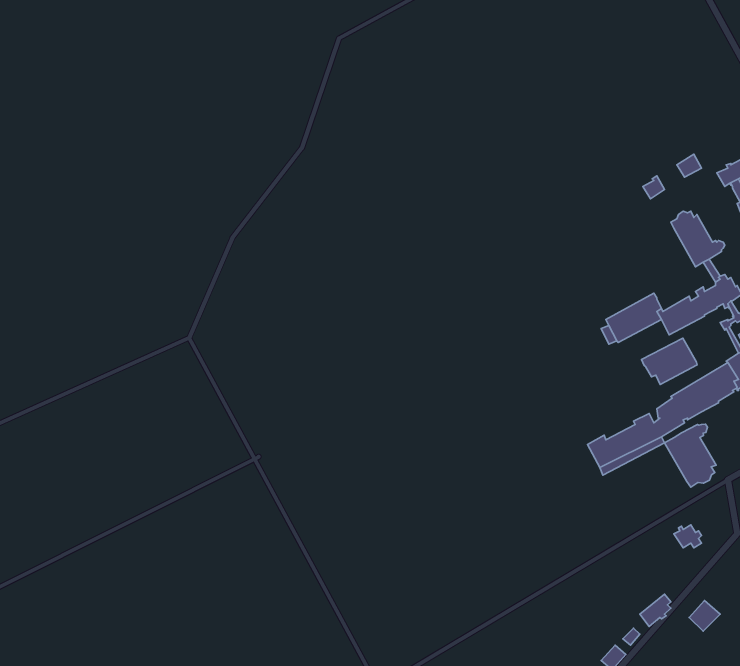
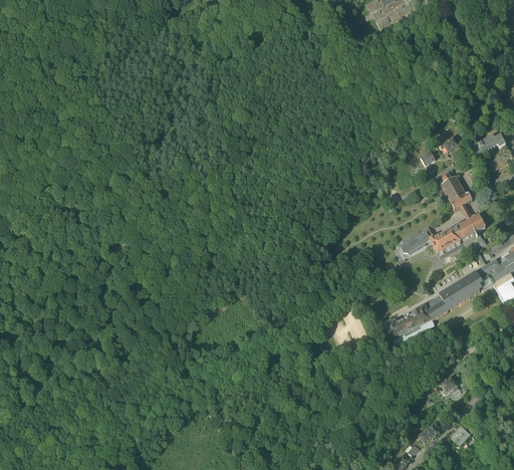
building: [642,338,697,384] -> none
building: [665,424,716,487] -> none

